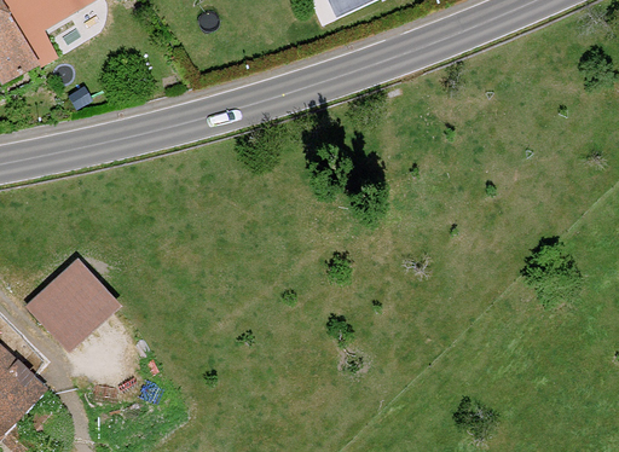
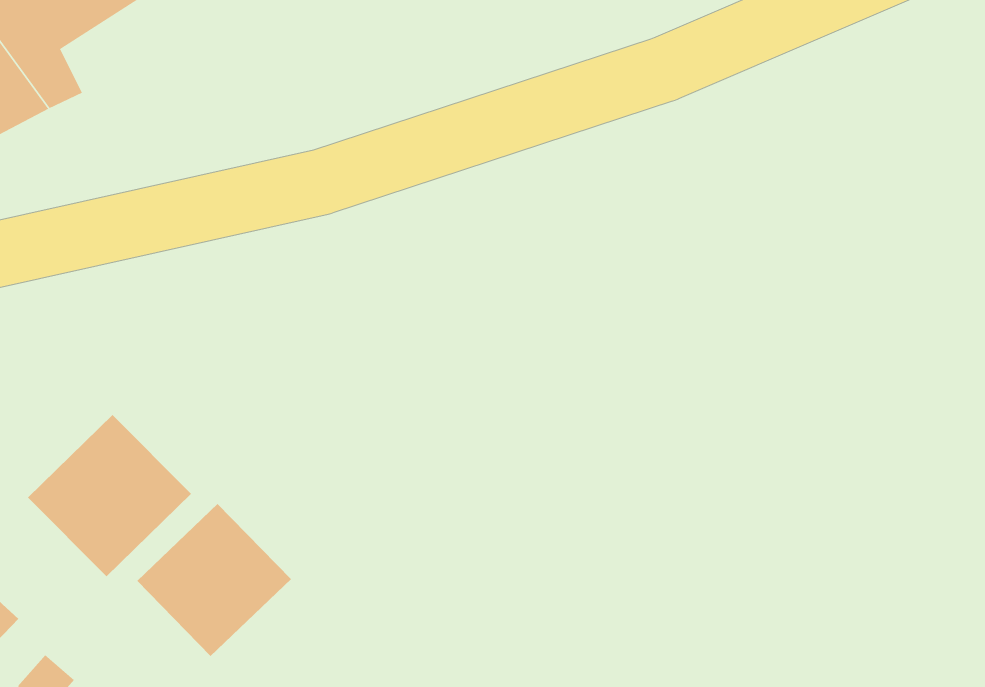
building: none -> [136,503,292,657]

